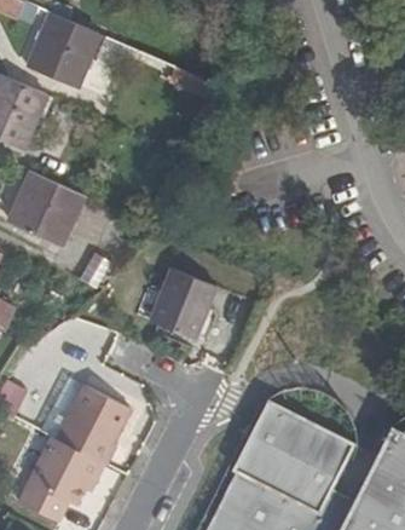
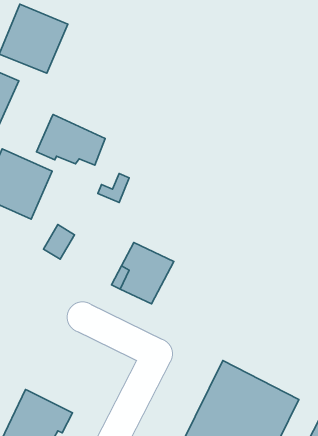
building: none -> [37,115,105,165]
building: [58,380,131,459] -> none

